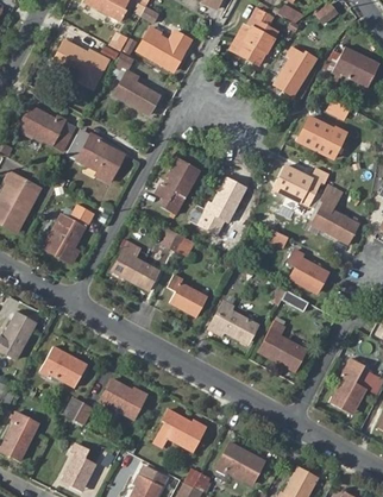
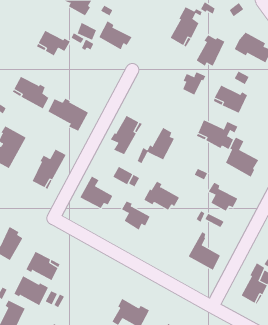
building: [114,73,159,115] -> none
building: none -> [182,71,206,95]
building: [209,303,259,344] -> [143,181,180,210]
building: [99,377,147,419] -> [13,275,49,306]

